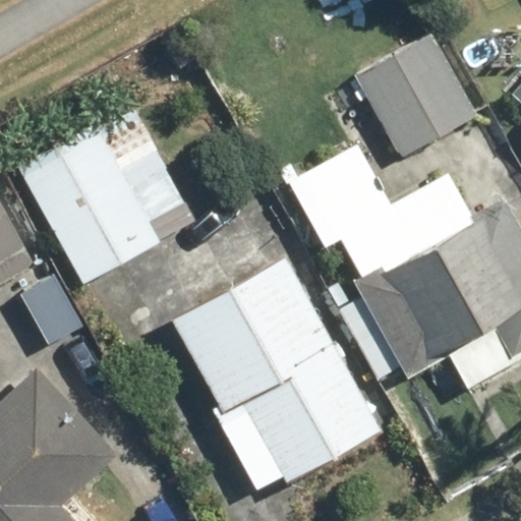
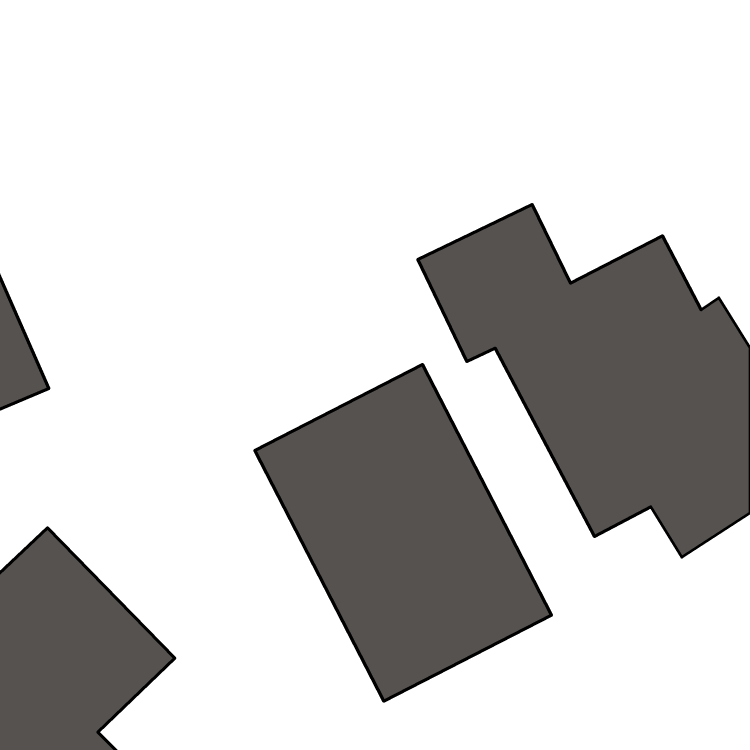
building: [359,41,473,158] -> none
building: [16,112,186,286] -> none

